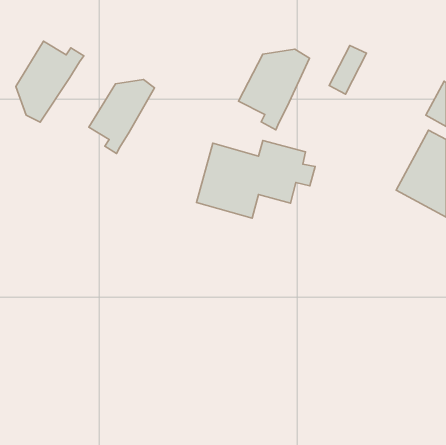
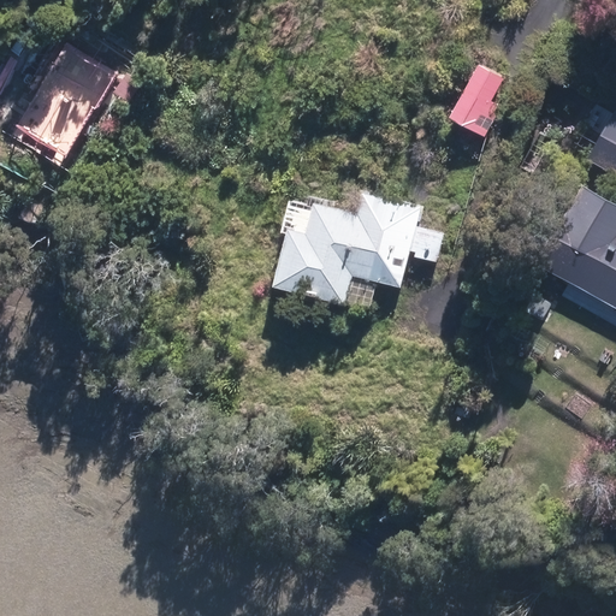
building: [239,49,309,130] -> none
building: [89,79,154,153] -> none

